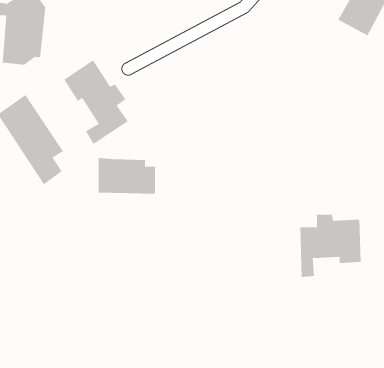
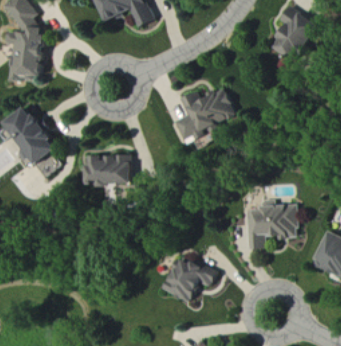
building: [64,60,128,145] -> none
building: none -> [174,88,237,143]
building: none -> [162,255,217,303]

